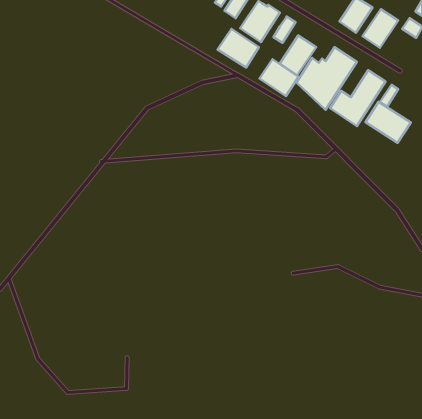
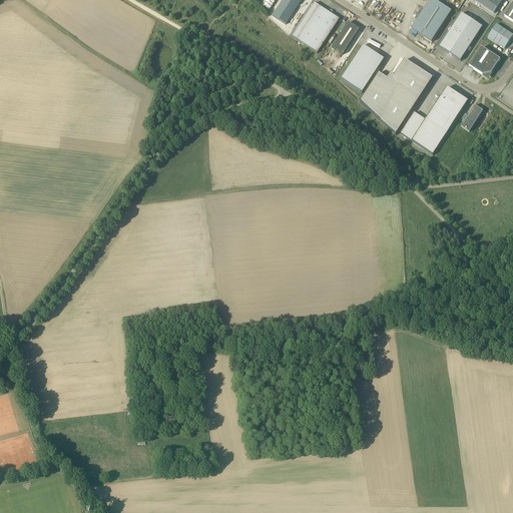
building: [218,29,259,67] -> none
building: none -> [469,45,500,73]
building: [260,59,299,96] -> none
building: [365,102,411,143] -> none

